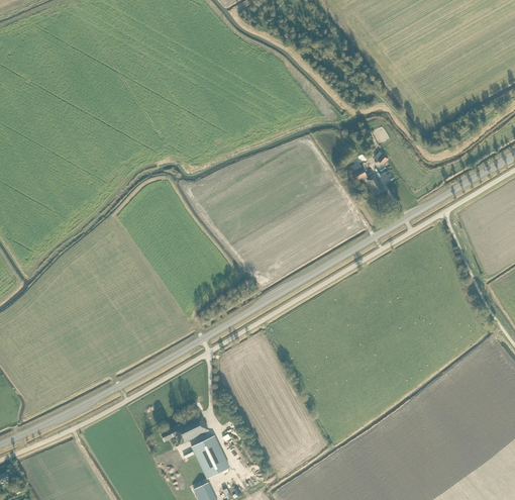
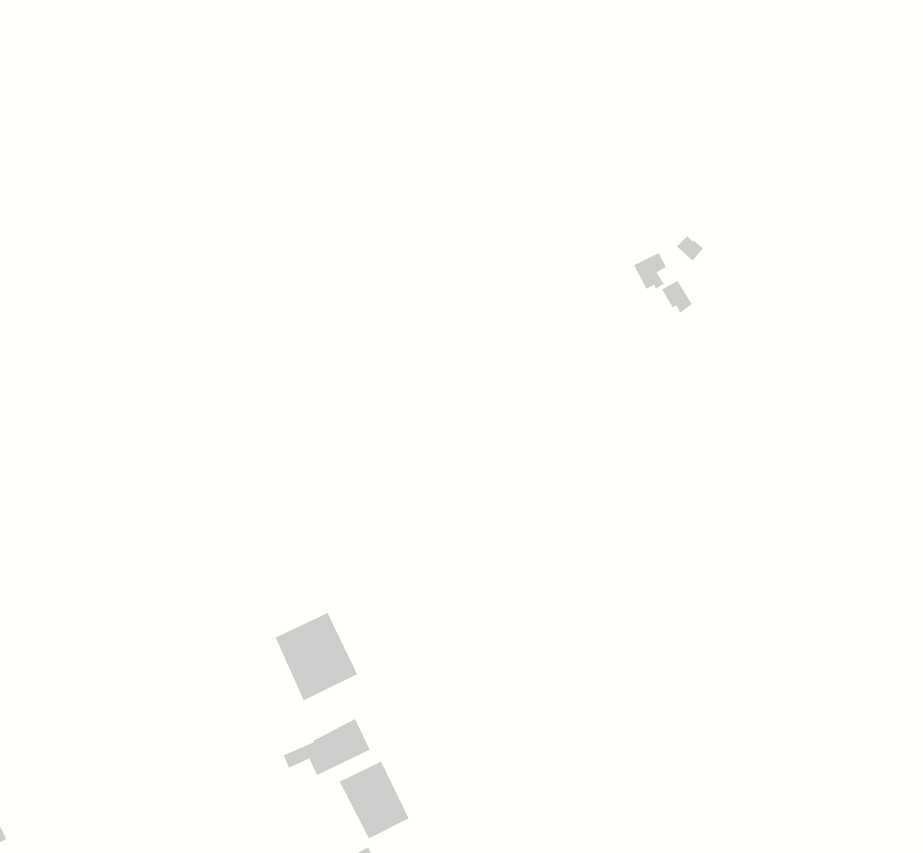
building: none -> [275,612,358,701]

